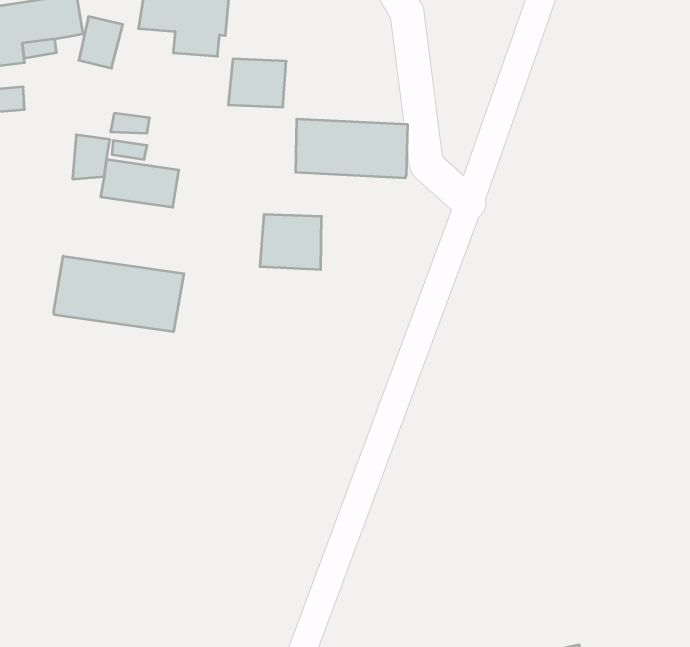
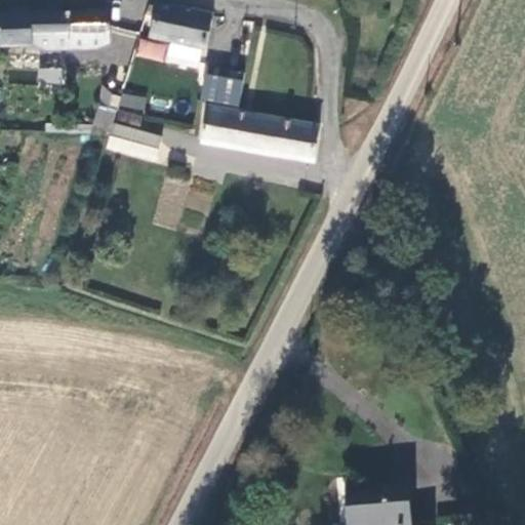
building: [260,215,322,270] -> [201,108,247,150]
building: [54,256,184,332] -> none

